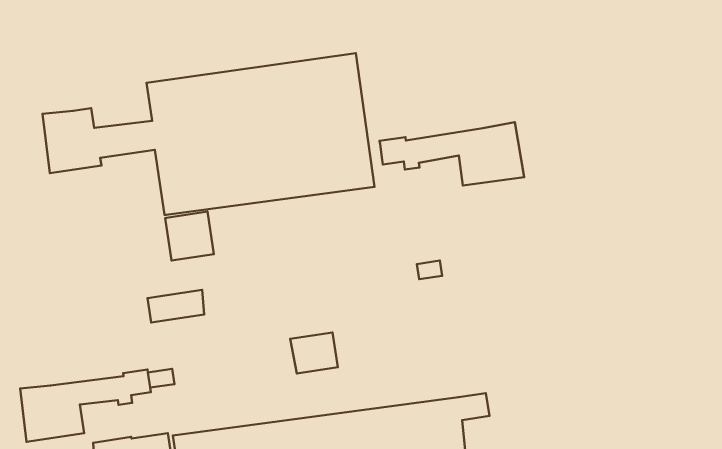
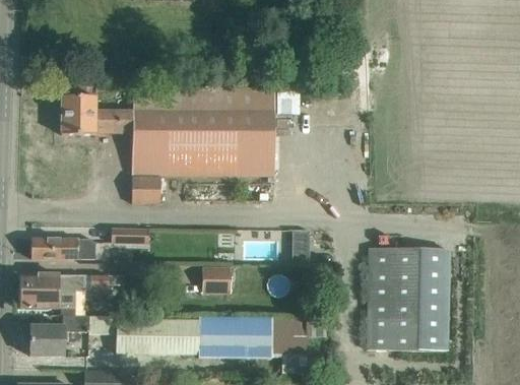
building: [380,122,524,186] -> none
building: none -> [372,247,447,350]
building: none -> [30,237,95,259]

